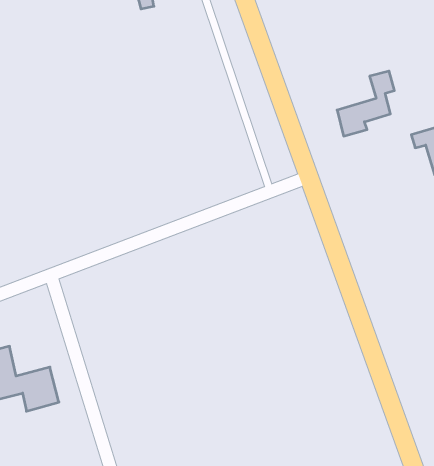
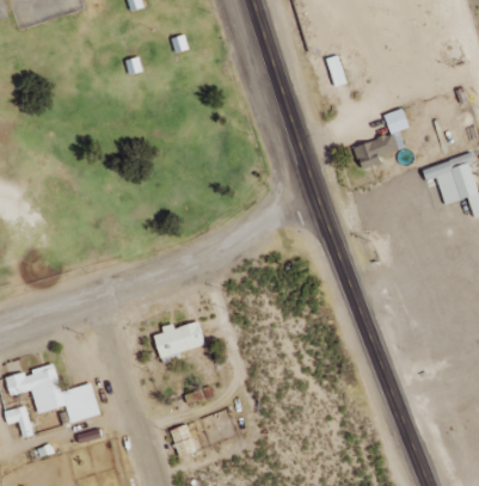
building: none -> [153,320,204,364]

